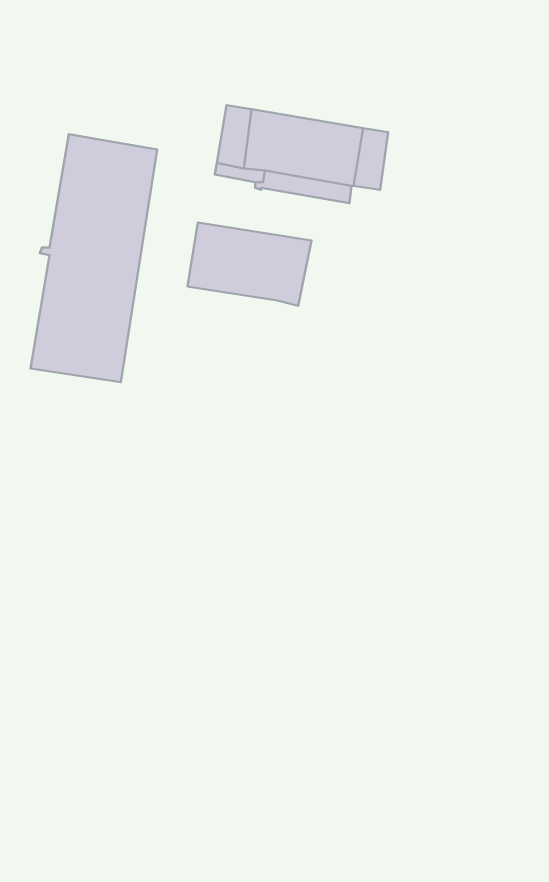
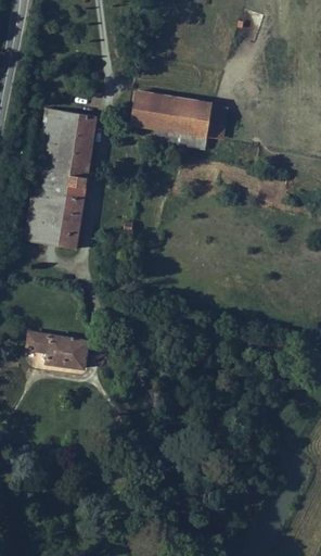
building: [187,222,311,306] -> none
building: none -> [27,330,89,367]

